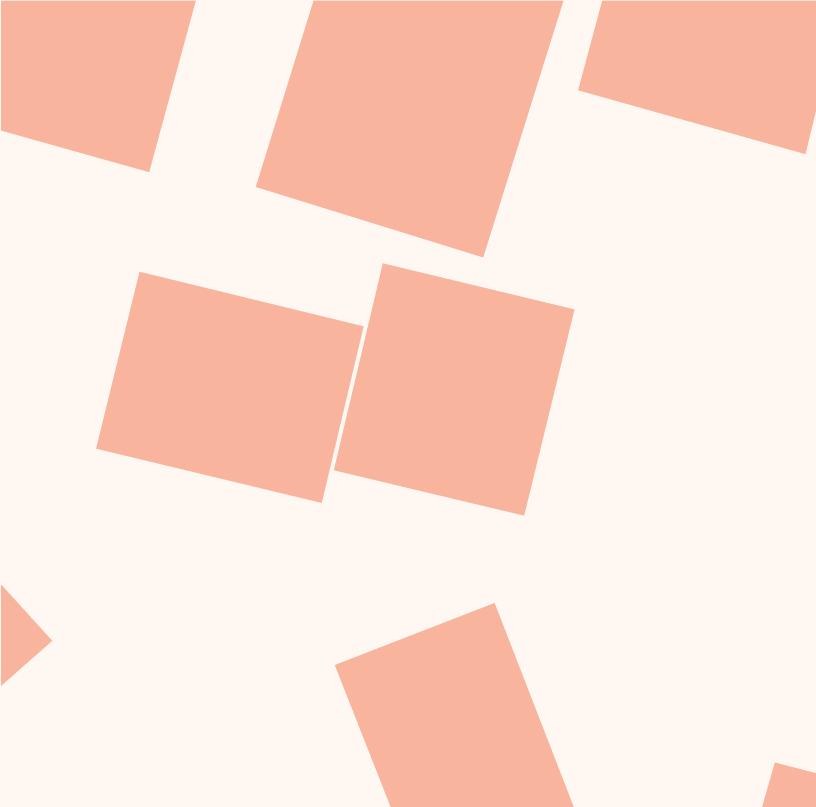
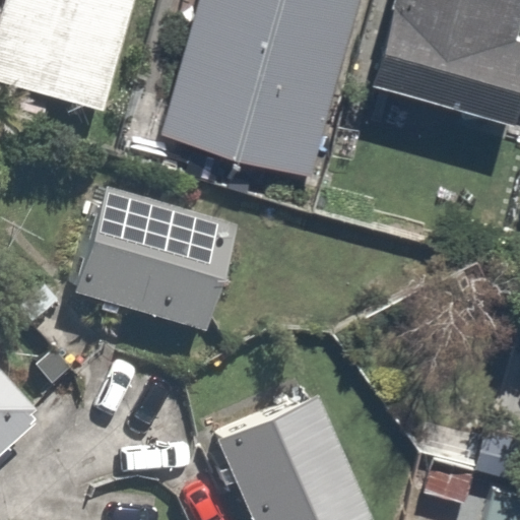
building: [333,263,575,517] -> none

